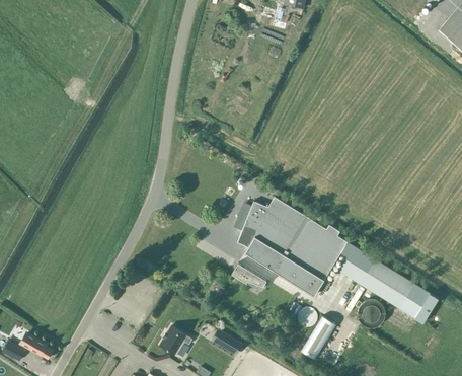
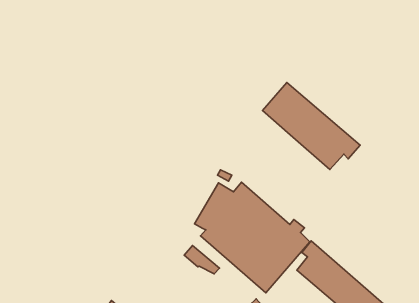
building: none -> [263,83,360,170]

